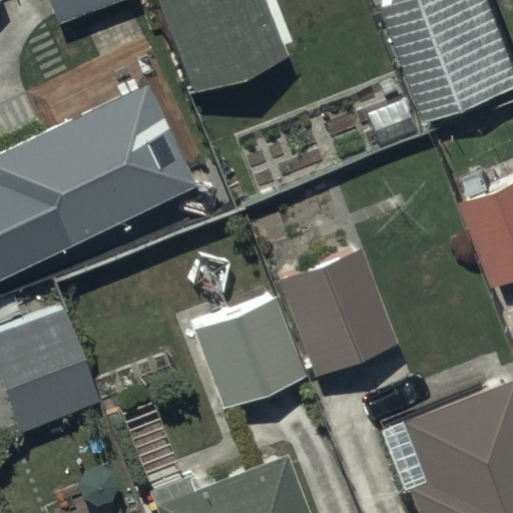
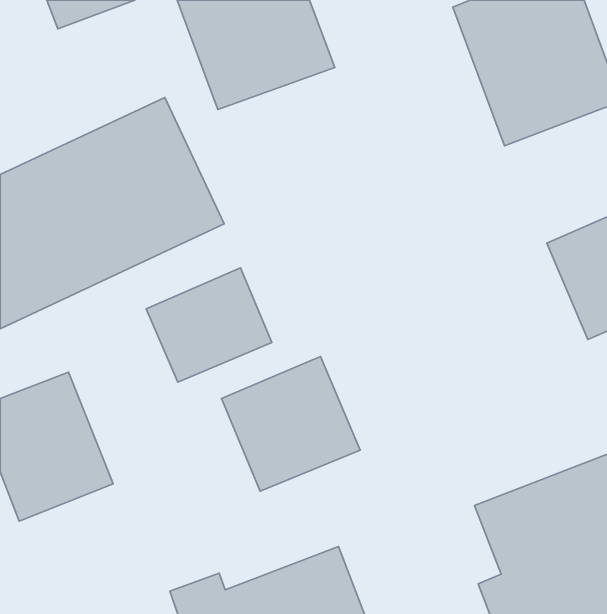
building: none -> [146,268,272,382]
building: [274,246,396,377] -> none

